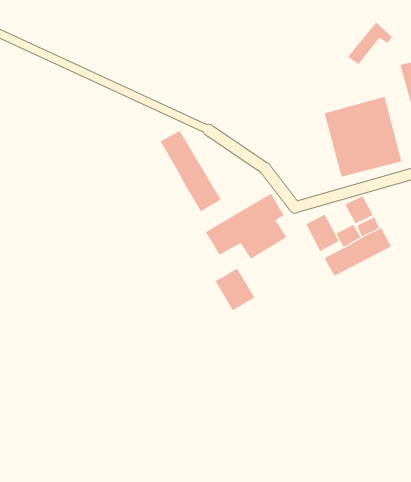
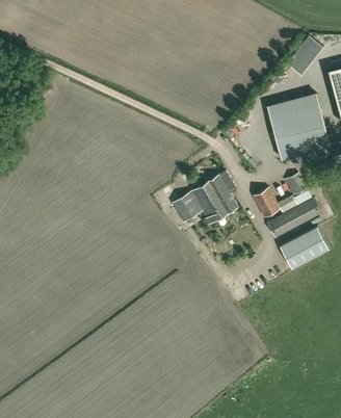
building: [160,130,222,212] -> none
building: none -> [280,226,331,268]
building: [215,268,255,311] -> none

